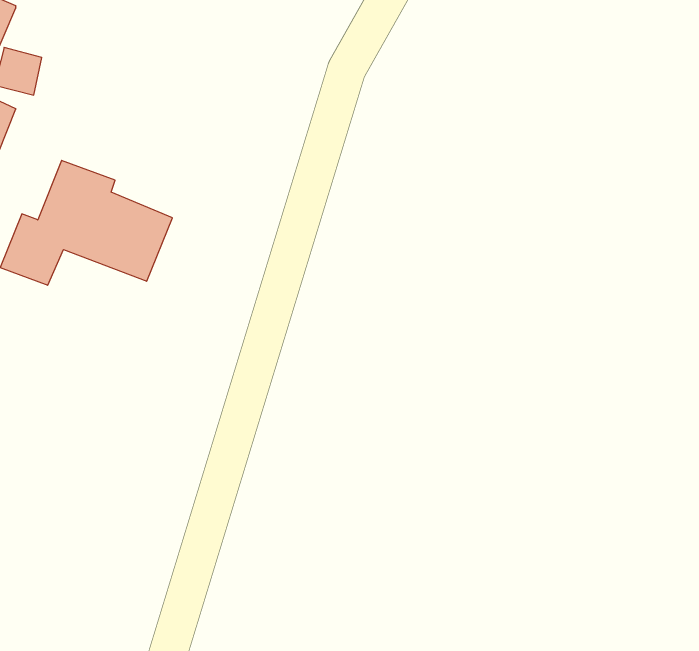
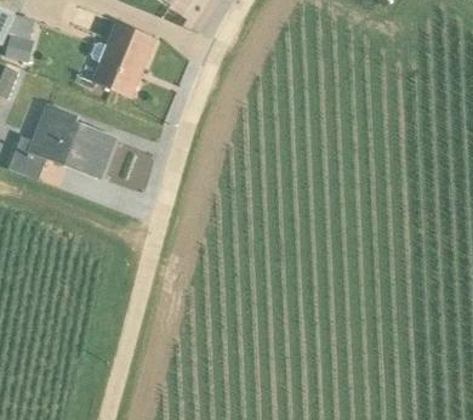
building: none -> [89,19,155,97]

